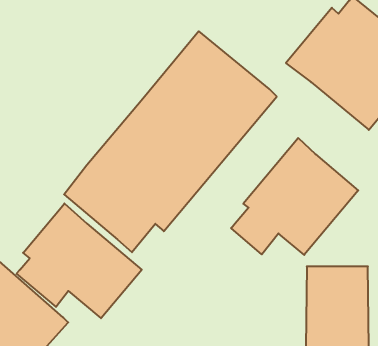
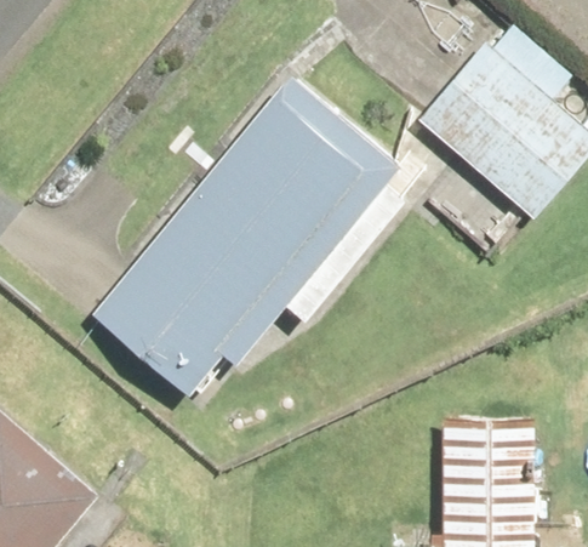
building: [231,138,358,255] -> none
building: [17,203,142,318] -> none

